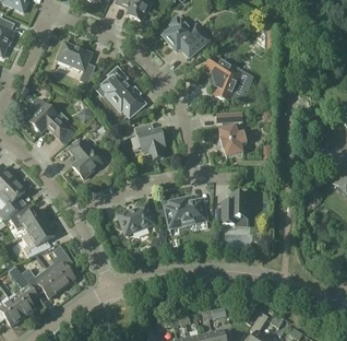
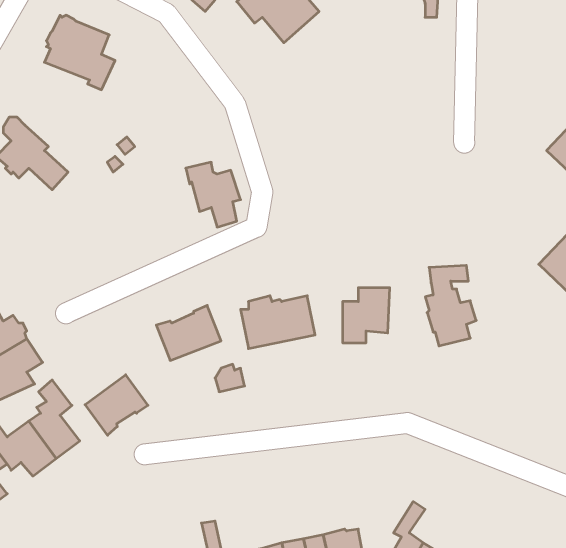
building: [206,58,243,102] -> none
building: [100,69,145,117] -> none
building: [218,113,247,157] -> [425,265,476,346]
building: [69,139,101,178] -> none
building: none -> [85,375,148,435]

